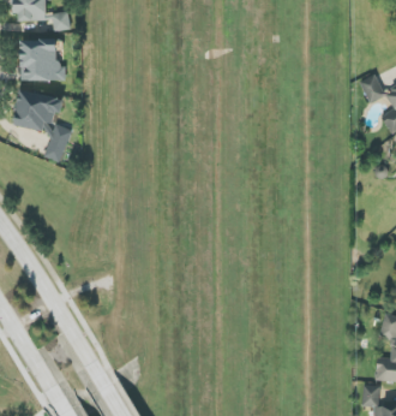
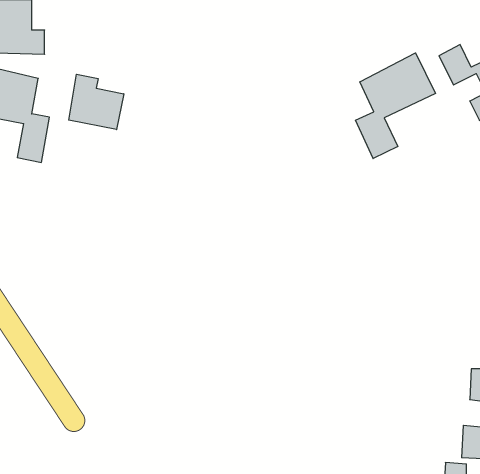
building: none -> [356,53,435,159]
building: none -> [69,74,124,130]

